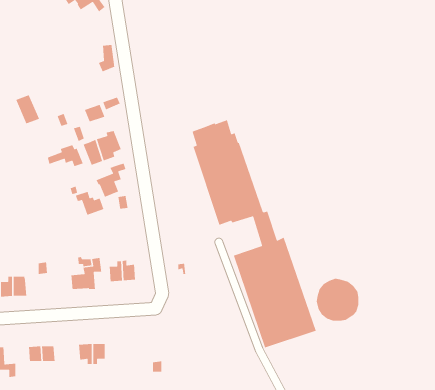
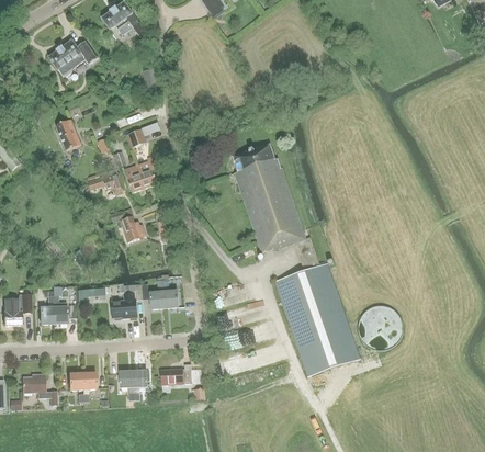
building: none -> [47,39,97,75]
building: [95,162,127,198] -> none
building: none -> [160,363,191,384]

